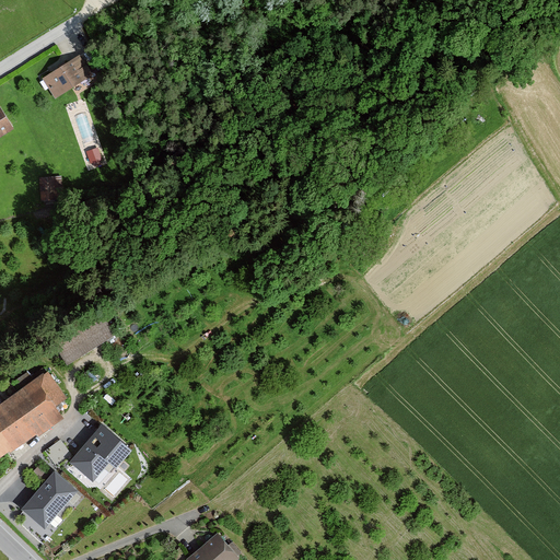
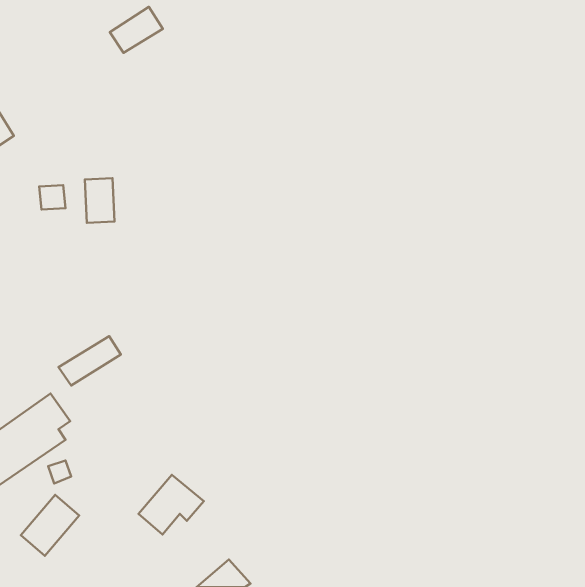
building: [42,55,92,98] -> [110,7,163,53]
building: none -> [85,178,115,223]
building: [68,424,130,481] -> [138,475,204,535]

